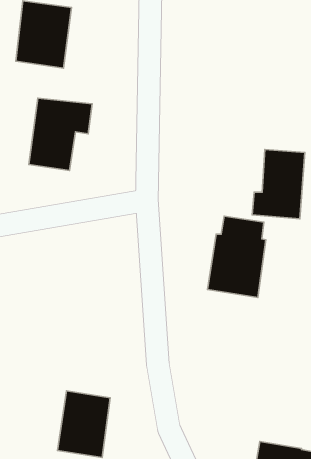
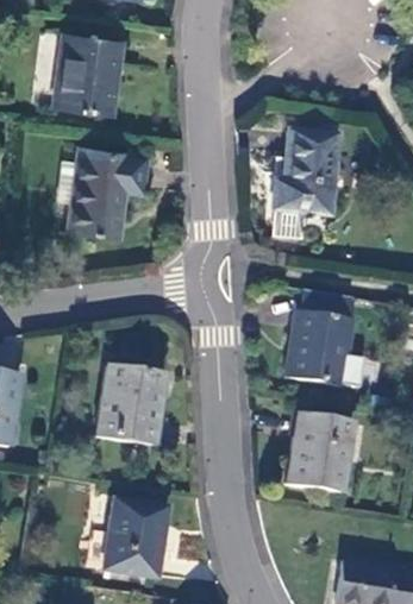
building: [252,149,305,219] -> [274,131,337,214]
building: none -> [95,366,165,443]
building: none -> [288,414,353,495]

